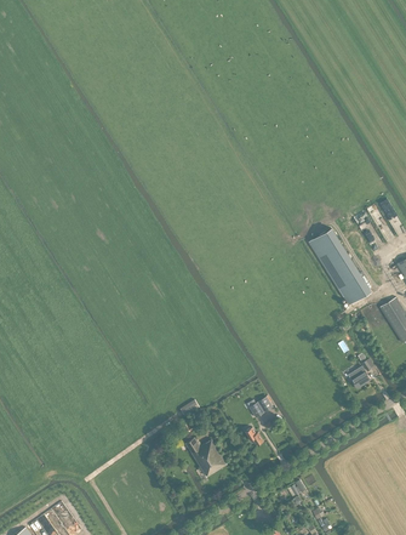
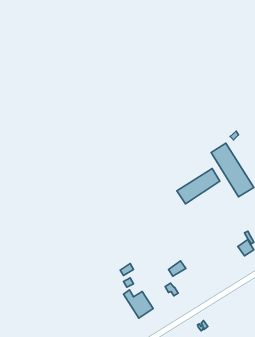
building: none -> [177,168,220,204]

